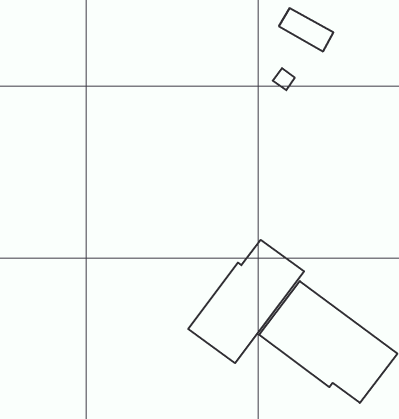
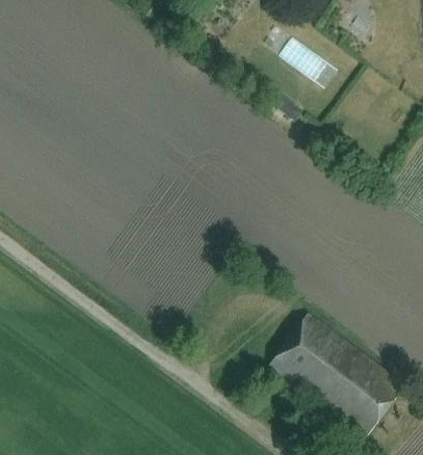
building: [188,240,304,363] -> none

